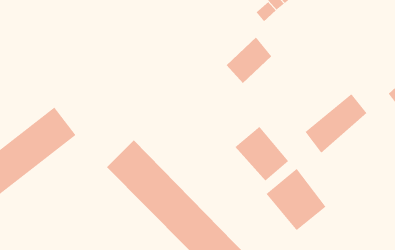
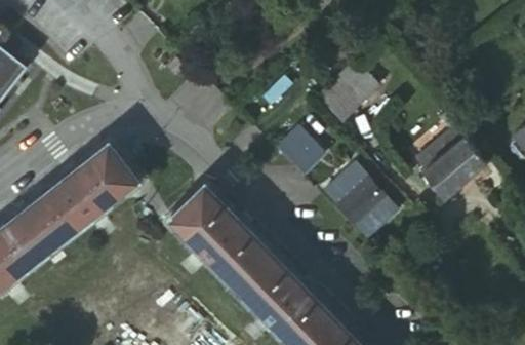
building: none -> [280,128,325,174]
building: [266,168,327,231] -> none

